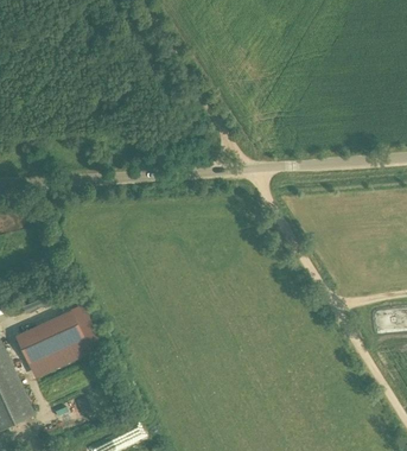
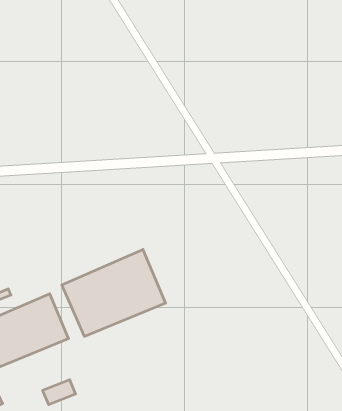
building: none -> [62,249,166,336]

